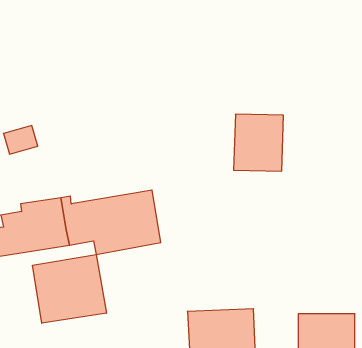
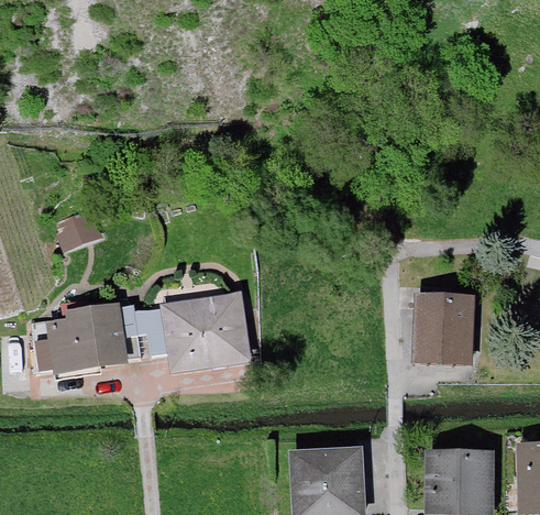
building: [234,114,283,171] -> [407,286,471,359]
building: [33,255,106,323] -> none

